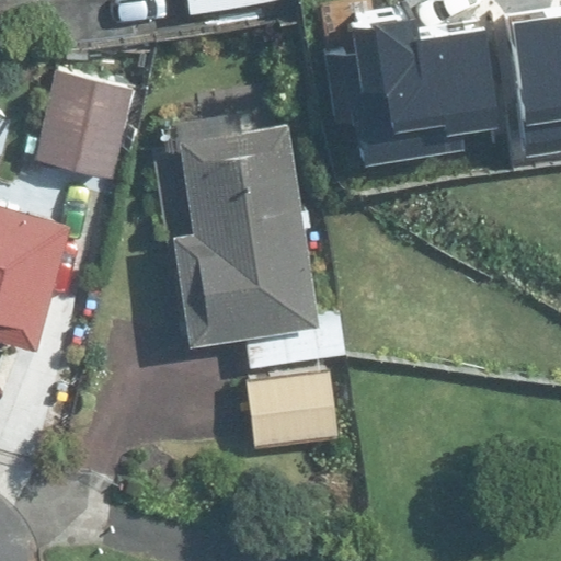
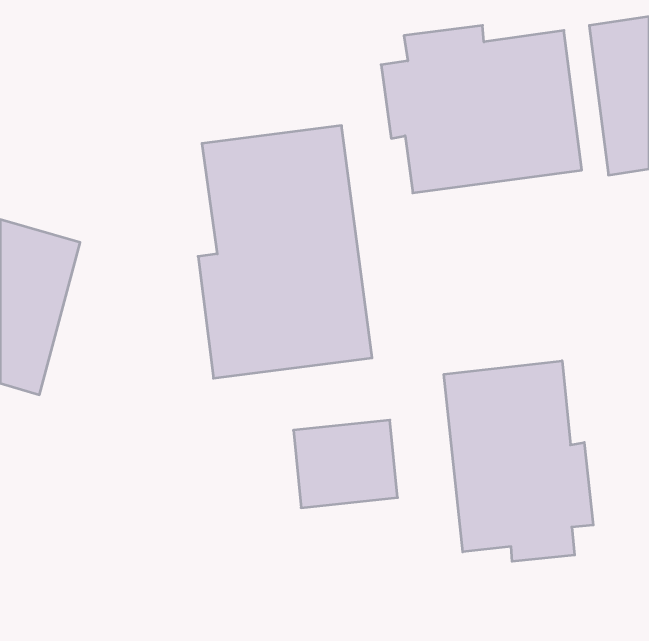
building: [35,70,134,175] -> none
building: none -> [444,361,593,561]

